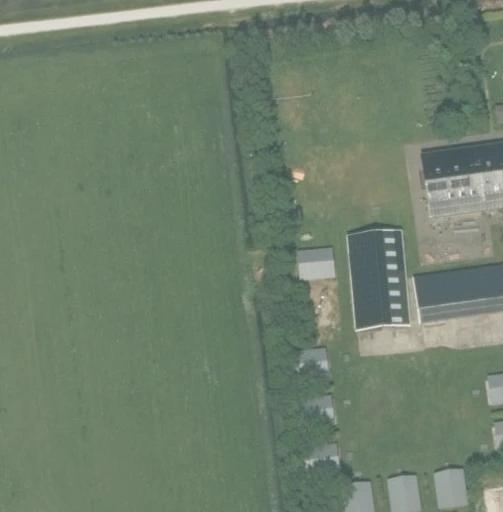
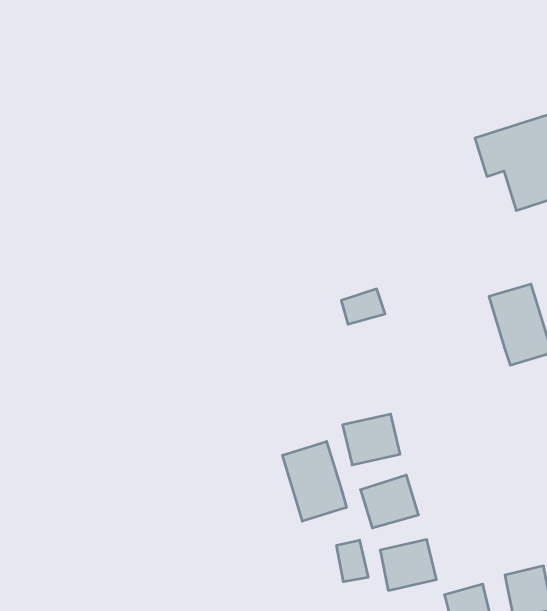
building: [348,231,408,331] -> none
building: none -> [283,441,346,521]
building: none -> [337,540,368,582]

